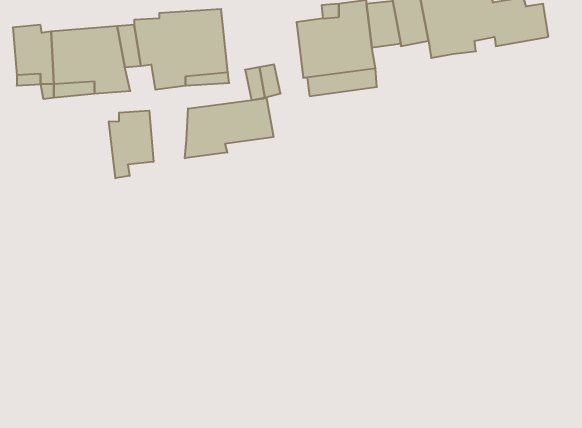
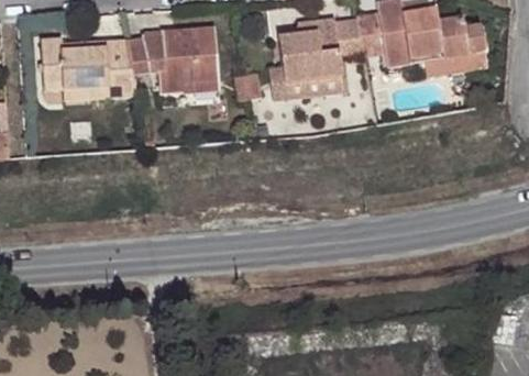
building: none -> [406,48,488,80]
building: [185,98,273,158] -> none
building: [109,111,153,178] -> none

